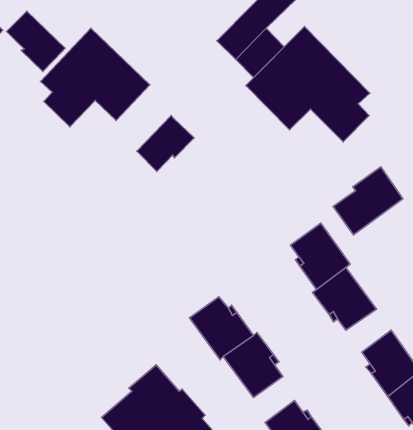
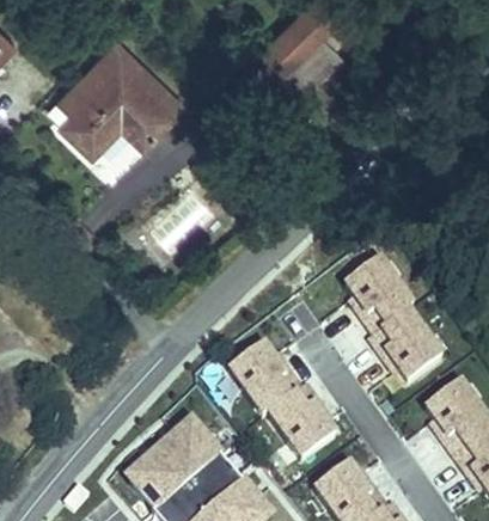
building: [6,11,65,72] -> none
building: [246,26,370,142] -> none
building: [137,116,194,172] -> none
building: [333,167,403,235] -> none

